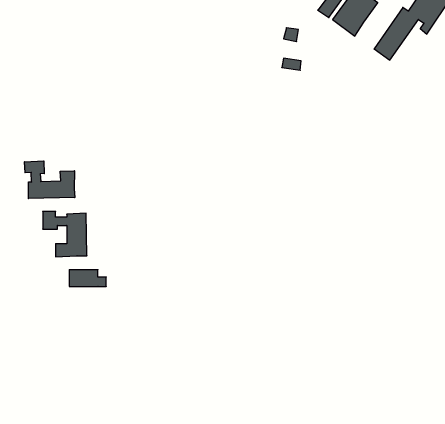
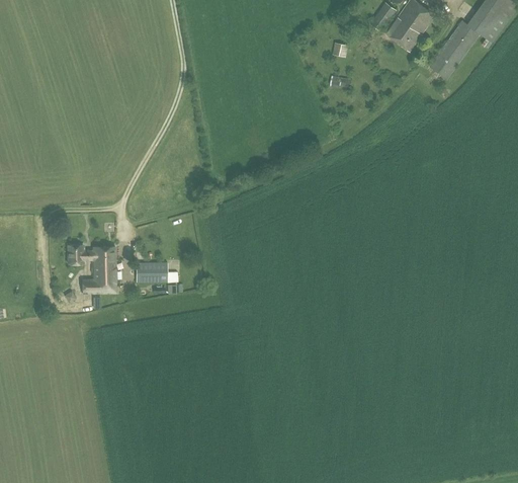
building: [25,161,75,199] -> none
building: [69,270,106,286] -> [136,262,176,280]

